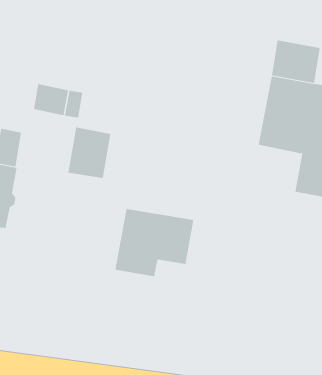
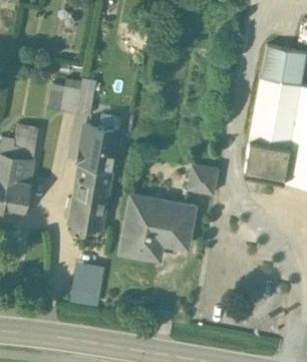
building: none -> [242,140,288,183]
building: none -> [186,164,218,197]
building: none -> [68,165,110,229]
building: none -> [69,264,103,306]

